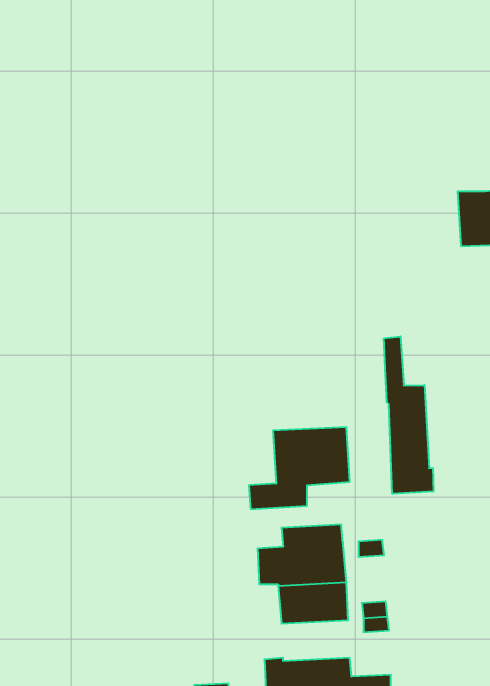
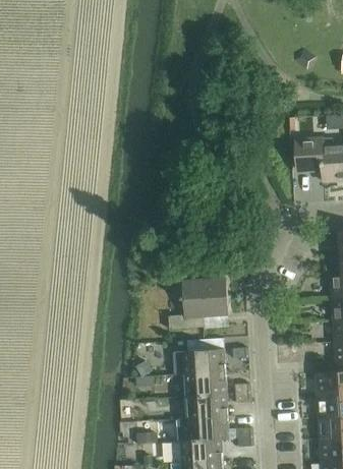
building: [384,336,433,494] -> none
building: none -> [187,395,228,419]

